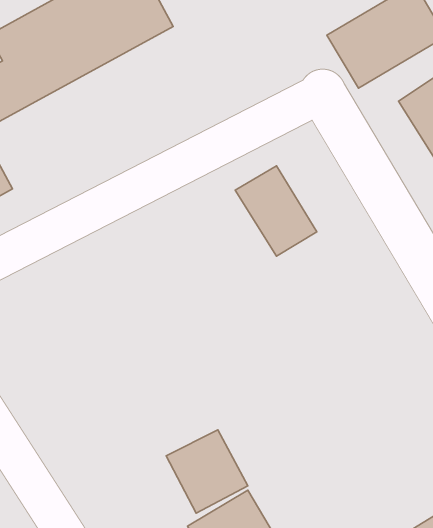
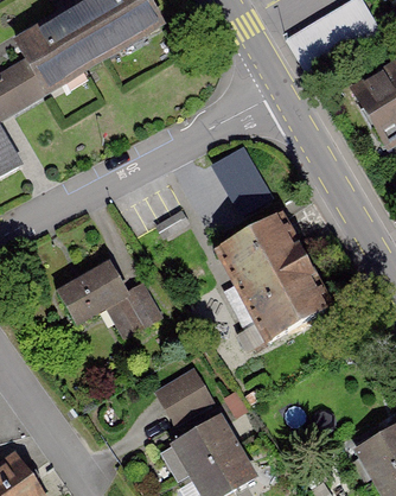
building: none -> [213,216,326,339]
building: none -> [63,263,171,338]

